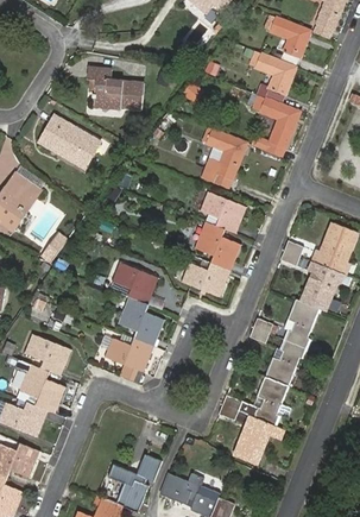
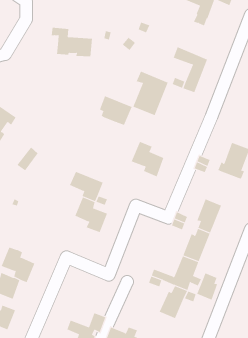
building: [250,50,295,102] -> none
building: [40,115,95,162] -> none
building: [201,191,246,232] -> [99,96,132,125]
building: [182,259,230,296] -> none
building: [301,260,343,310] -> none
building: [25,334,70,376] -> none
building: [105,338,153,382] -> none
building: none -> [197,272,218,300]

